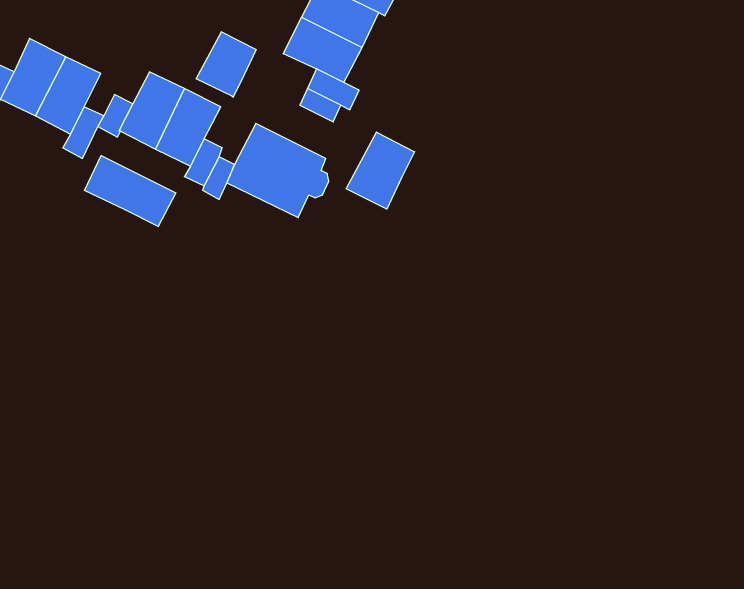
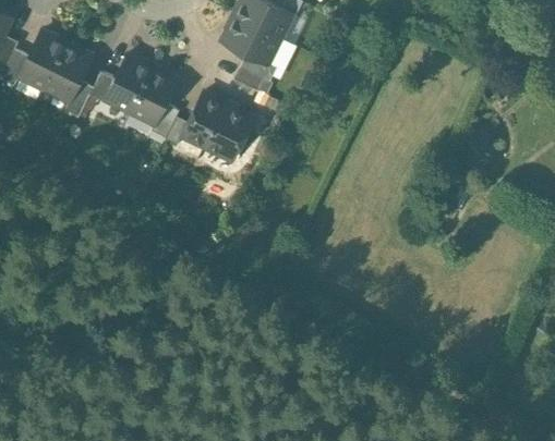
building: [196,32,256,97] -> none
building: [346,132,415,209] -> none
building: [85,156,176,226] -> none

